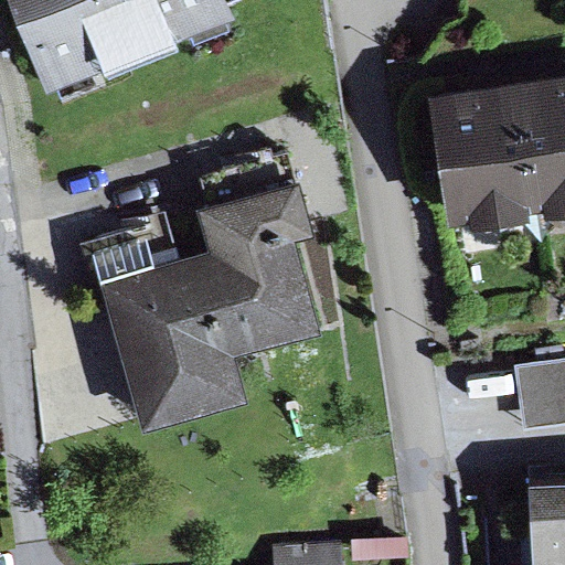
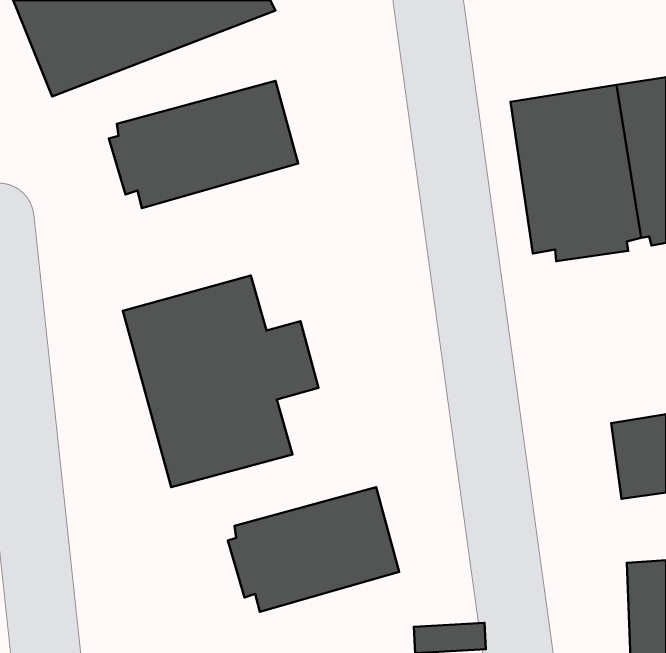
building: none -> [109,81,298,208]
building: [200,173,321,340] -> none
building: none -> [228,487,399,612]

